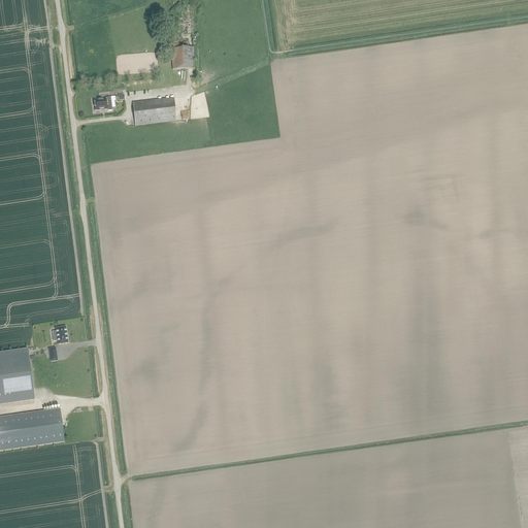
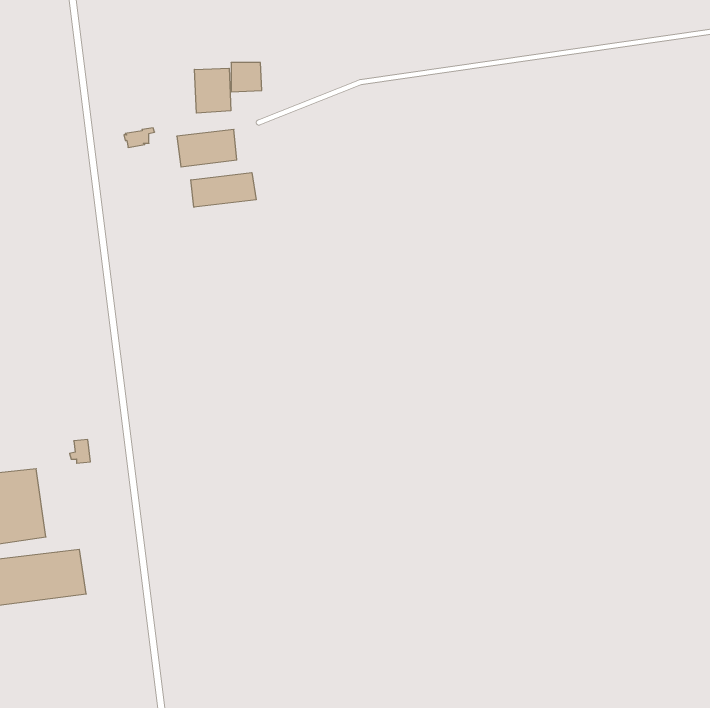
building: none -> [194,68,231,113]
building: none -> [191,173,256,207]

